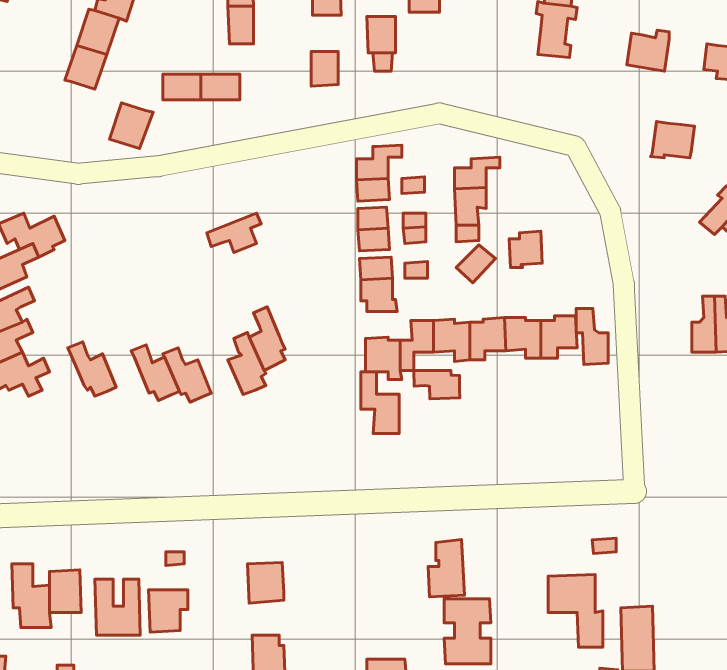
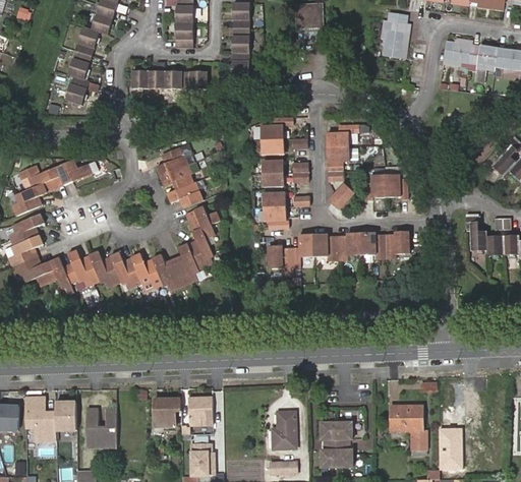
building: [367,17,396,53] -> [232,29,251,54]
building: none -> [183,69,207,86]
building: [109,103,153,148] -> [61,74,91,105]
building: [651,122,694,158] -> [468,46,498,70]
building: none -> [157,147,194,176]
building: none -> [58,159,98,181]
building: none -> [386,175,408,198]
building: none -> [168,180,205,206]
building: none -> [188,207,219,245]
building: [576,309,608,365] -> [466,215,487,252]
building: none -> [89,250,121,288]
building: none -> [153,254,185,291]
building: none -> [46,256,78,293]
building: [414,370,460,399] -> none
building: [361,372,399,433] -> none
building: [428,539,464,597] -> [272,411,296,449]
building: [149,590,188,632] -> [154,399,180,427]

